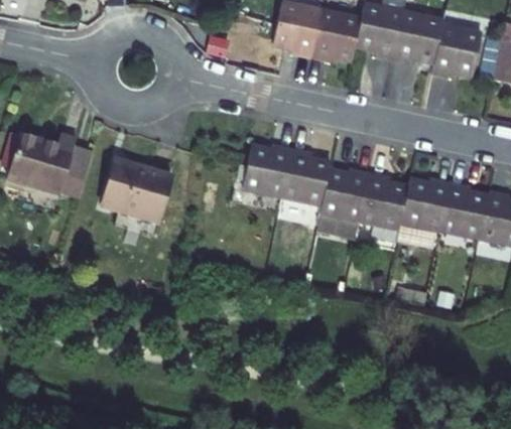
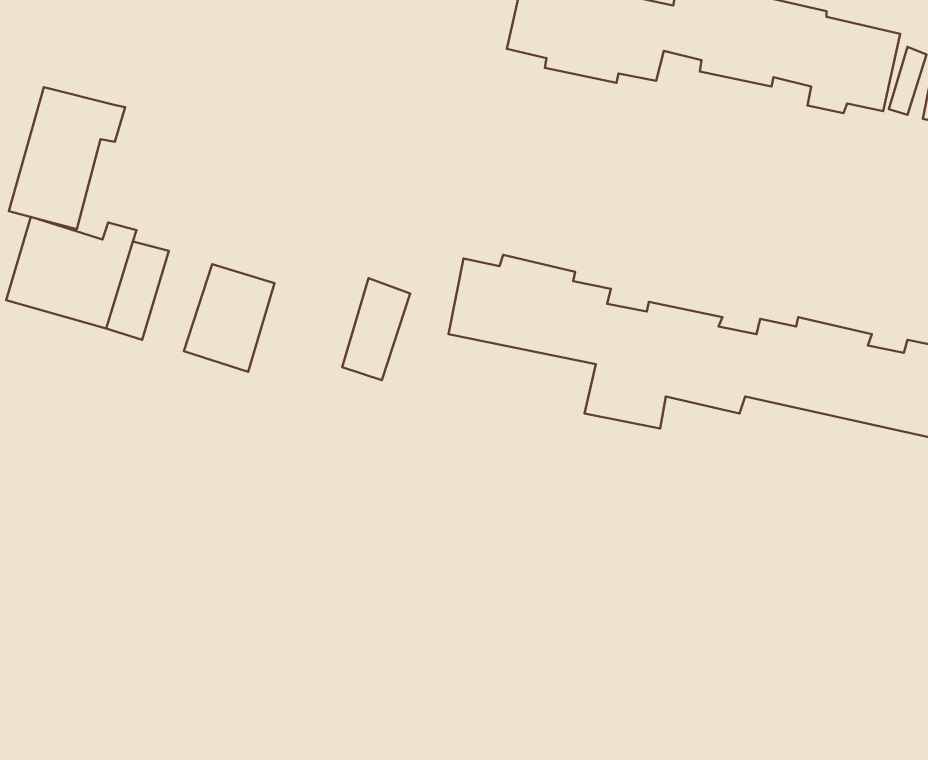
building: none -> [9,87,125,229]
building: [136,163,172,218] -> [342,278,410,380]

